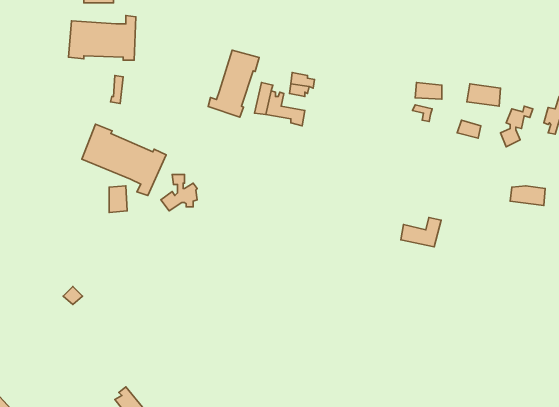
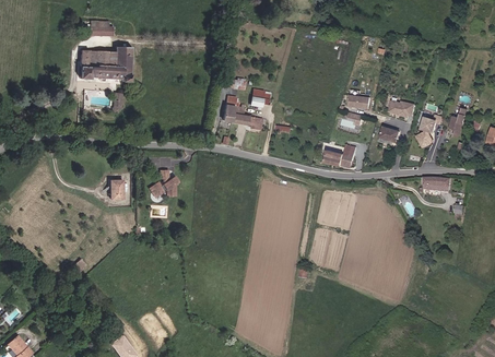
building: [208,50,259,117] -> none
building: [82,124,166,196] -> none
building: [401,217,441,247] -> [325,144,356,167]

